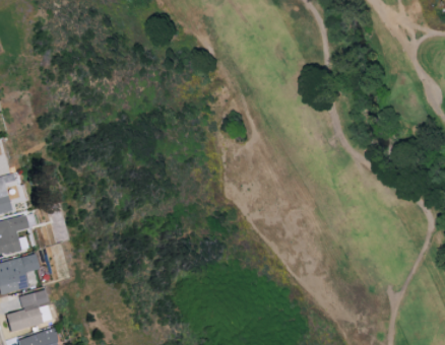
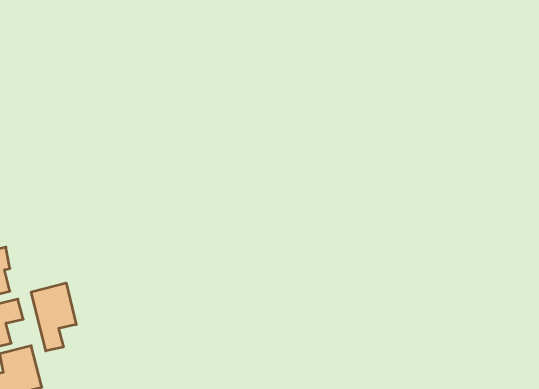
building: none -> [31,283,76,351]

